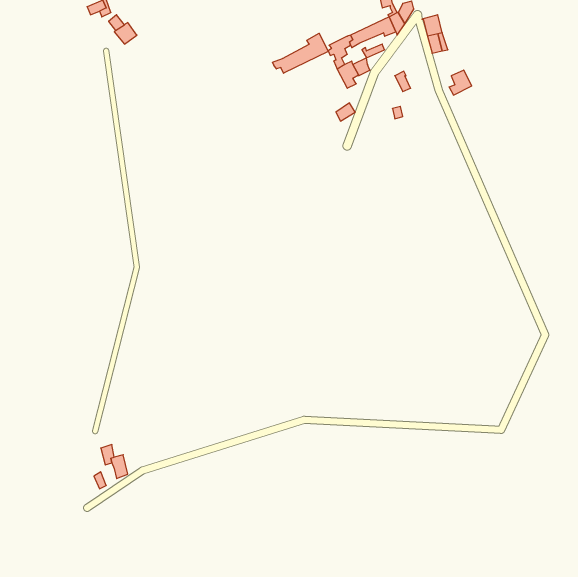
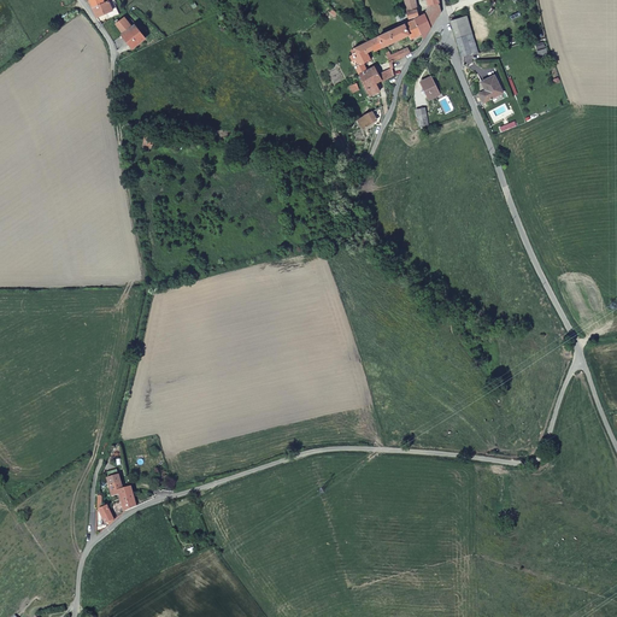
building: [273,33,328,73] -> none

